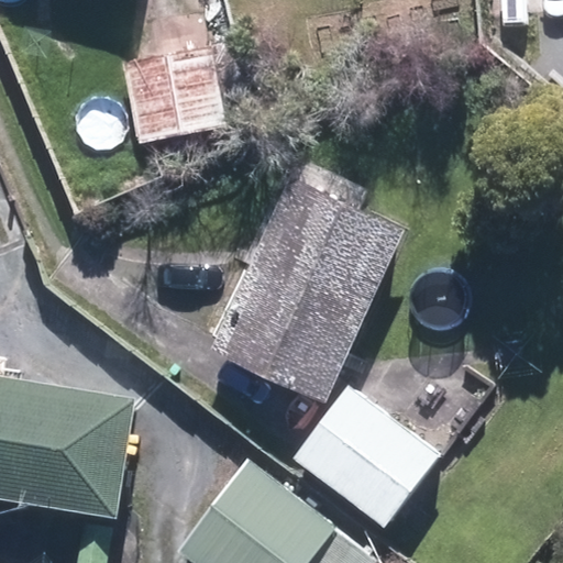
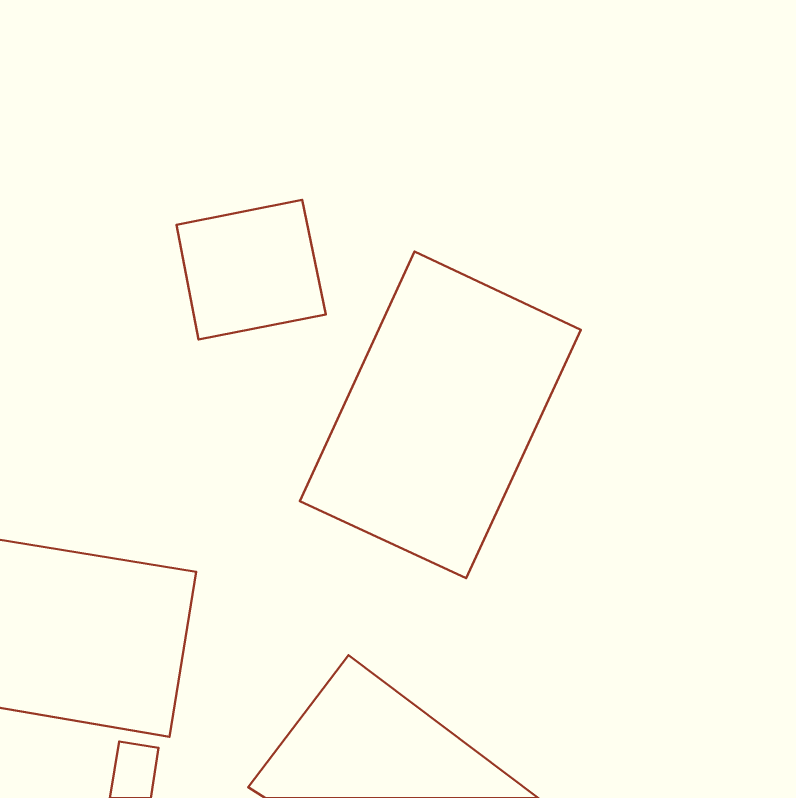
building: [121,45,225,143] -> [177,200,326,340]
building: [294,387,438,528] -> none

